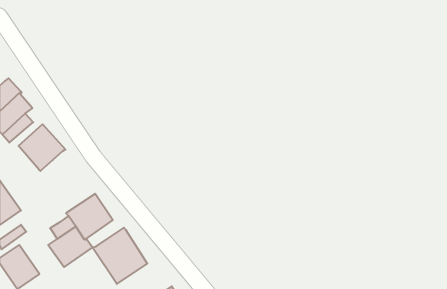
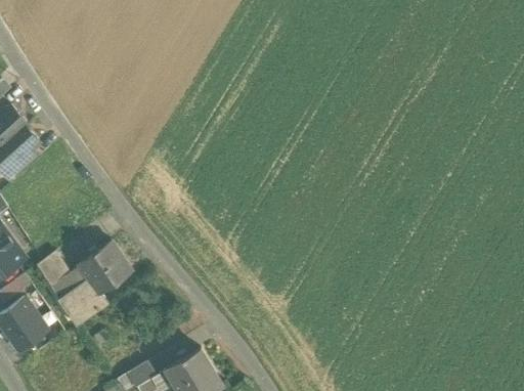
building: [19,124,65,171] -> none
building: none -> [37,250,71,286]
building: [92,228,147,284] -> none

